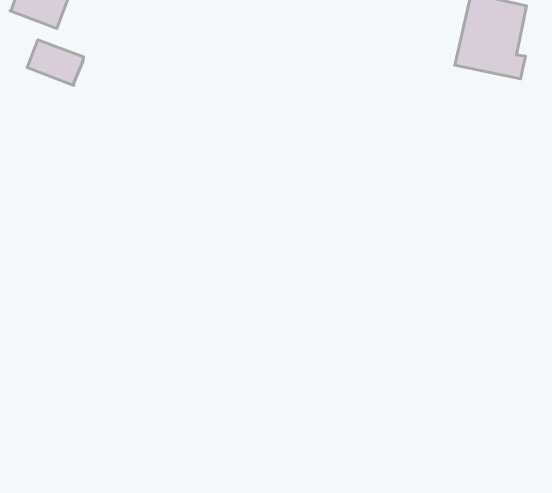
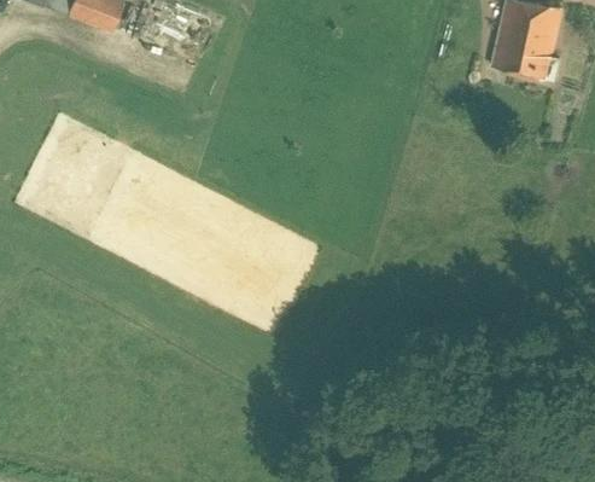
building: [27,40,84,85] -> none

